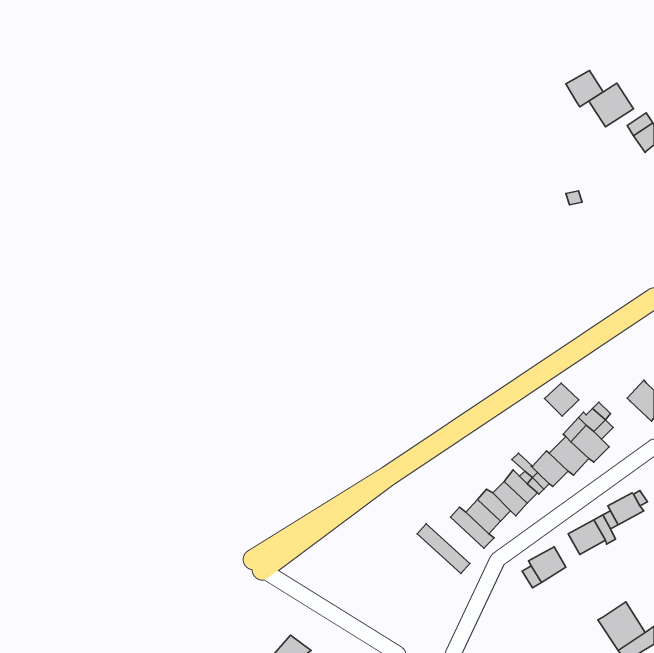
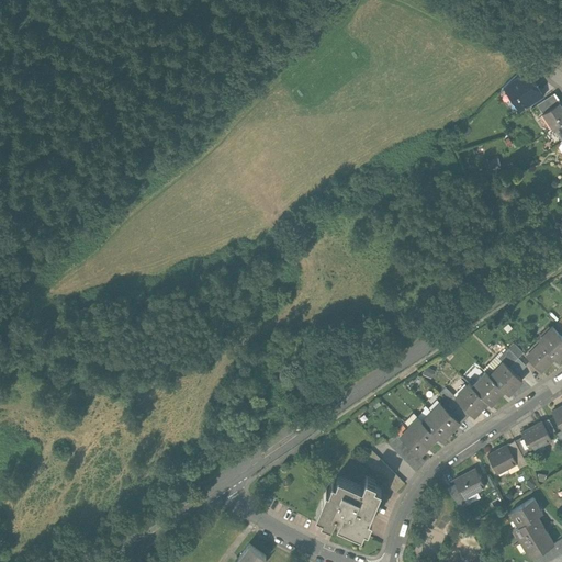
building: [566,71,603,107] -> none
building: [544,383,579,416] -> [526,345,555,373]
building: none -> [315,476,382,535]
building: none -> [507,498,543,530]

